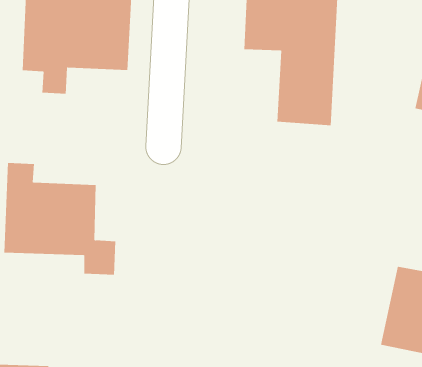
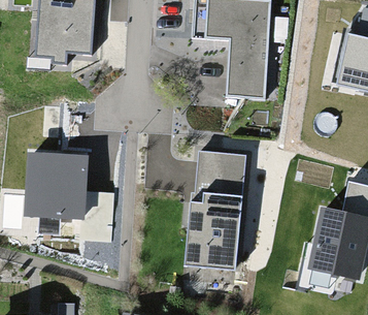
building: none -> [175,133,246,272]

